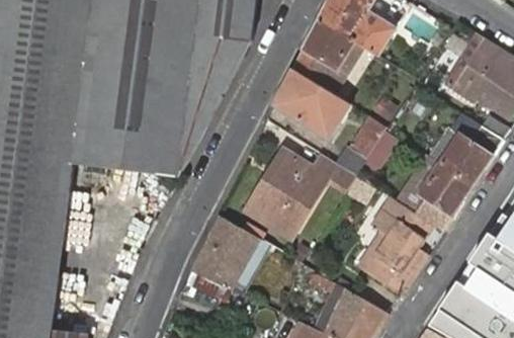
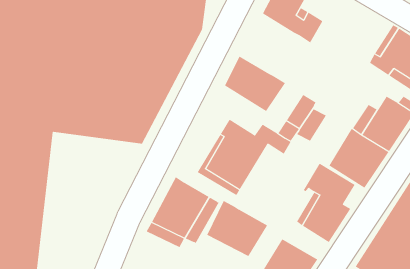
building: [293,20,364,94] -> none
building: none -> [207,200,268,257]

